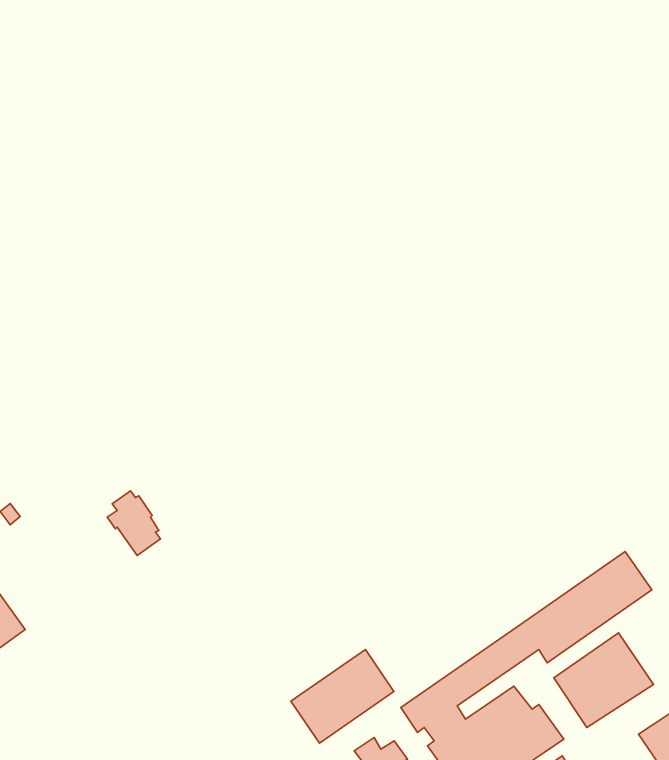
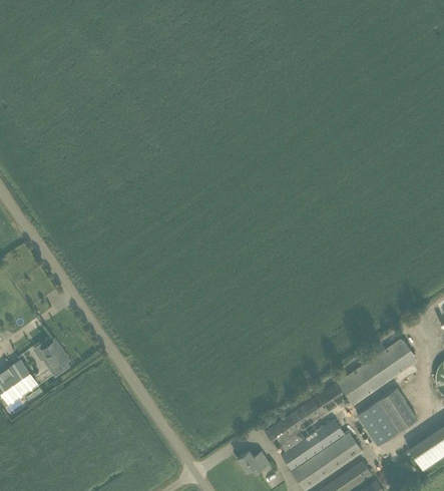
building: [107,491,160,555] -> [36,337,68,376]
building: [291,650,394,743] -> none

